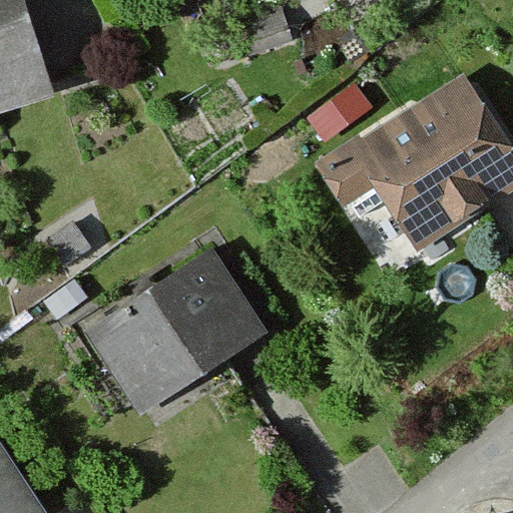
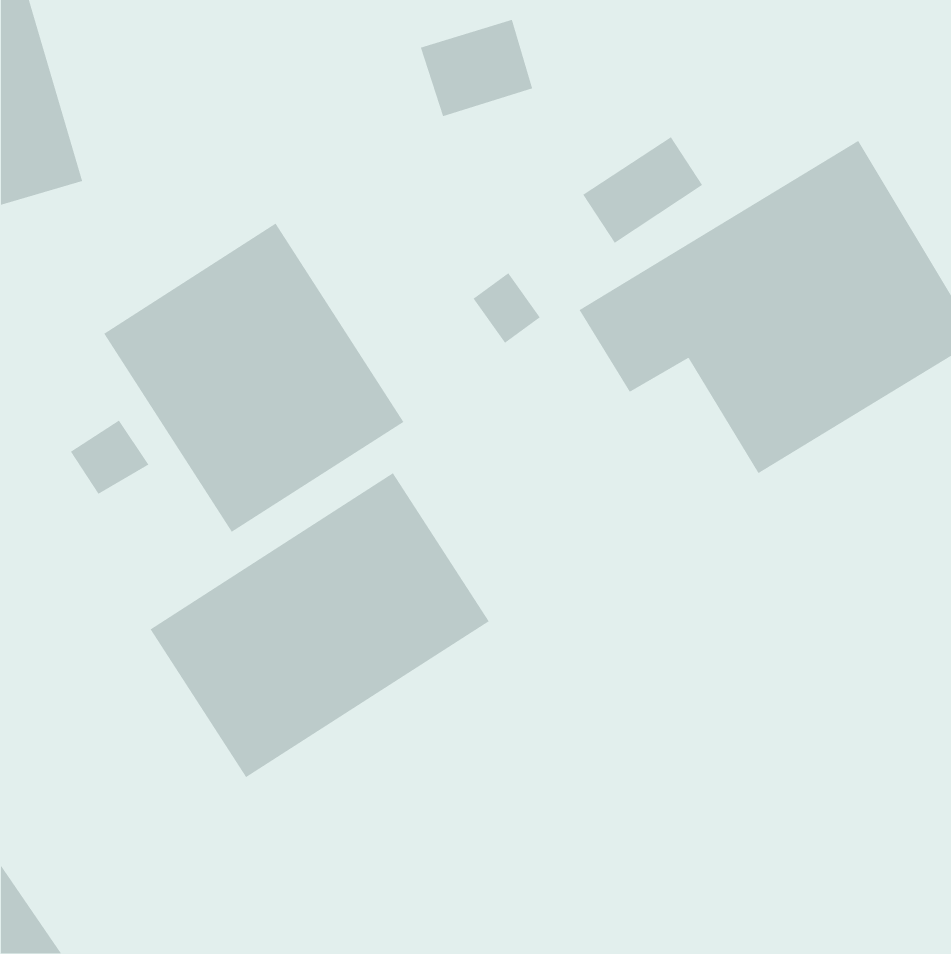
building: none -> [103,223,404,533]

